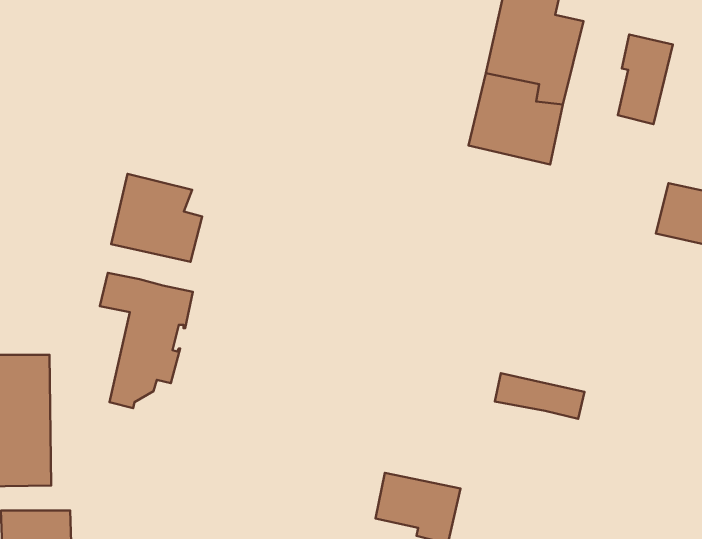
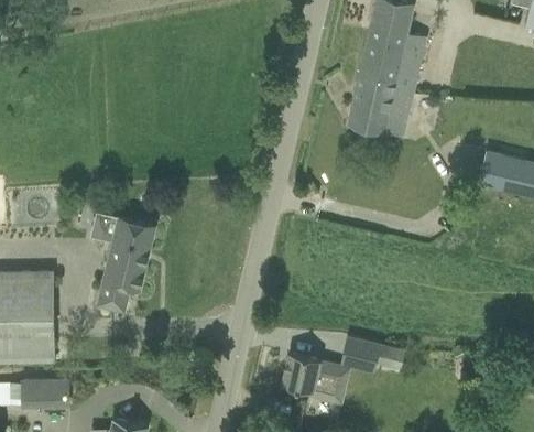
building: [618,35,673,124] -> none
building: [111,174,202,262] -> none
building: [495,373,584,419] -> [342,337,405,369]

